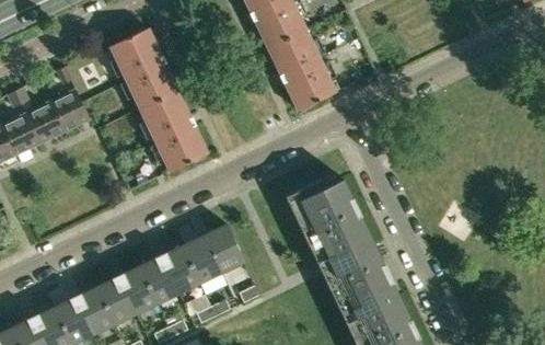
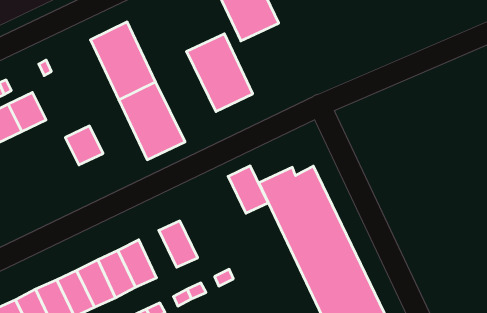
building: [266,28,335,110] -> [186,34,253,112]
building: [49,89,89,129] -> [65,126,103,165]
building: [202,223,244,273] -> [228,166,268,213]
building: [160,244,199,294] -> none

